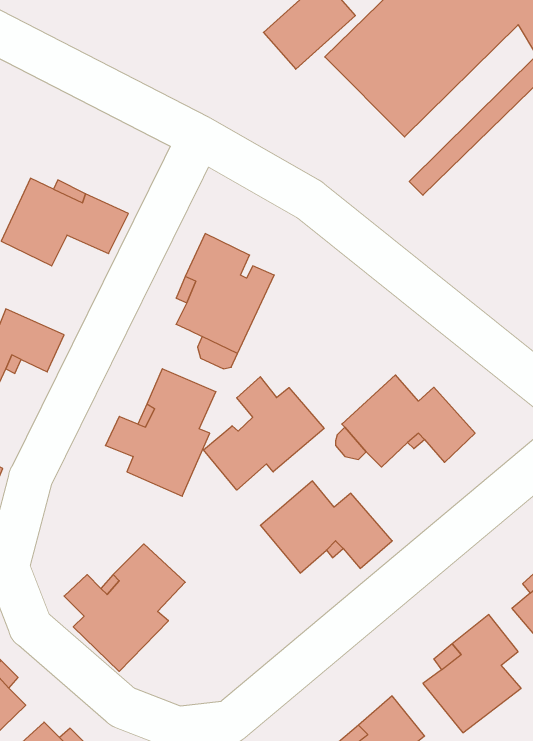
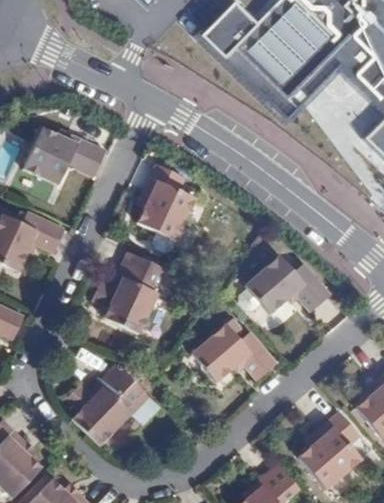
building: [203,377,324,490] -> none

